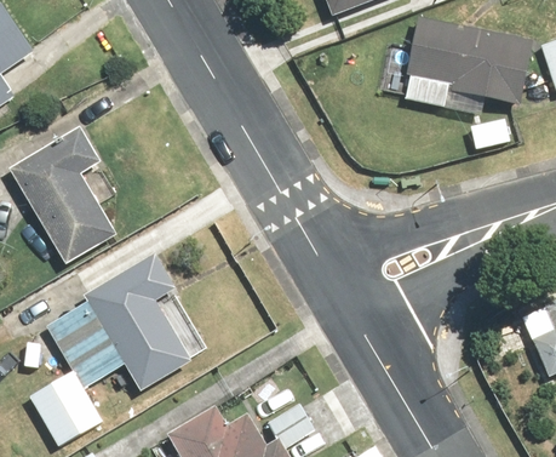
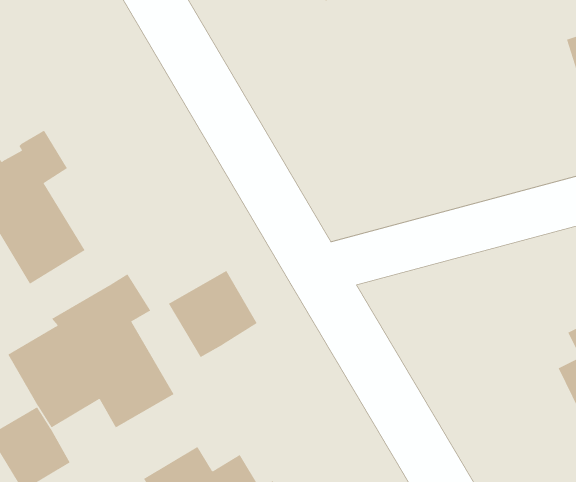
building: [377,18,537,113] -> none
building: none -> [168,270,258,358]

